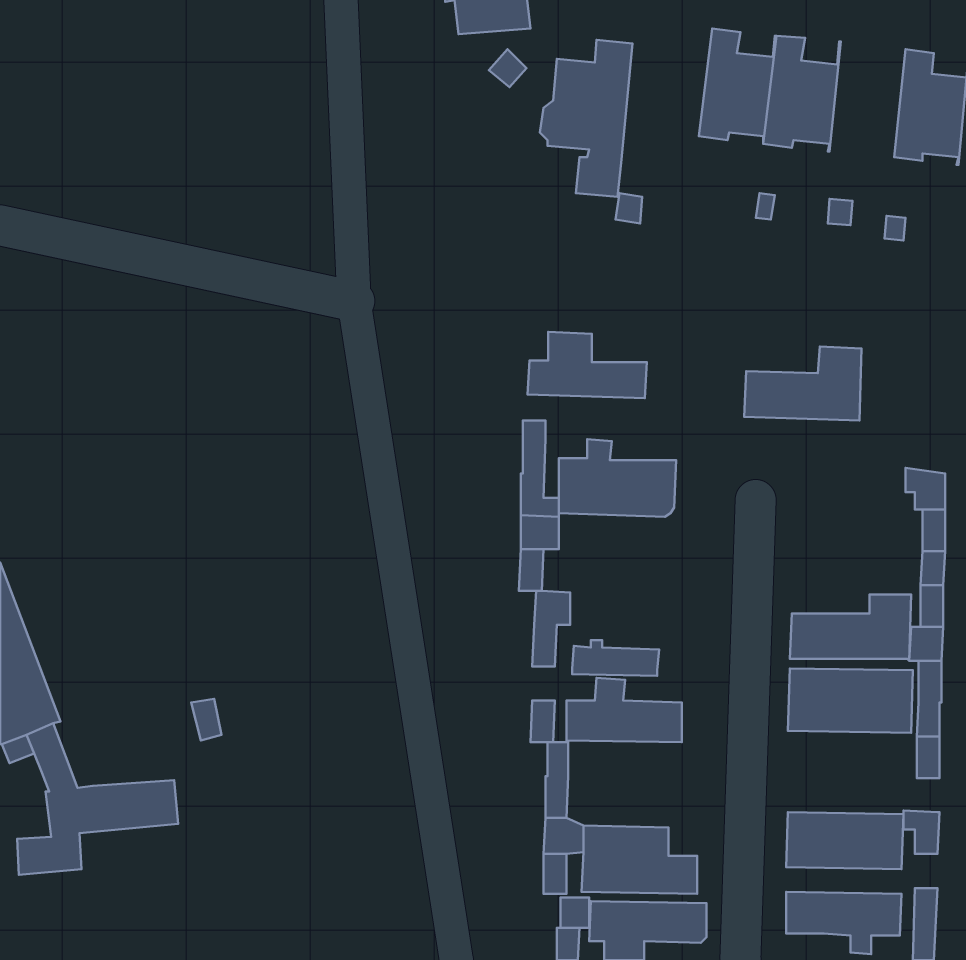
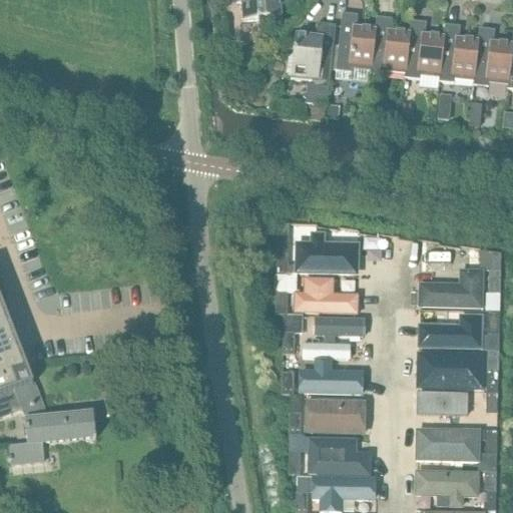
building: none -> [337,11,378,72]
building: none -> [440,22,480,83]
building: [527,332,647,398] -> [295,278,358,313]
building: [744,347,862,420] -> [420,268,482,307]
building: none -> [316,318,364,341]
building: none -> [417,390,468,414]
building: none -> [306,401,365,432]

